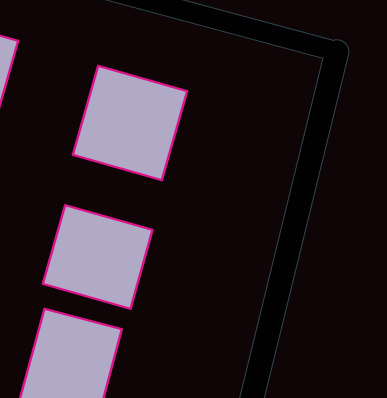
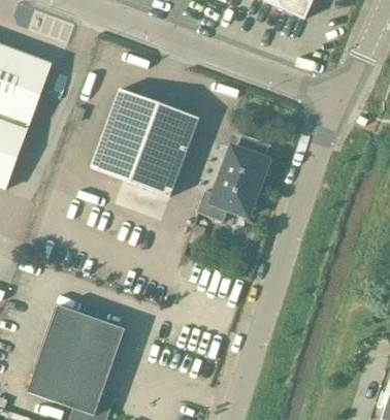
building: none -> [198,132,272,221]
building: [43,205,153,309] -> none

